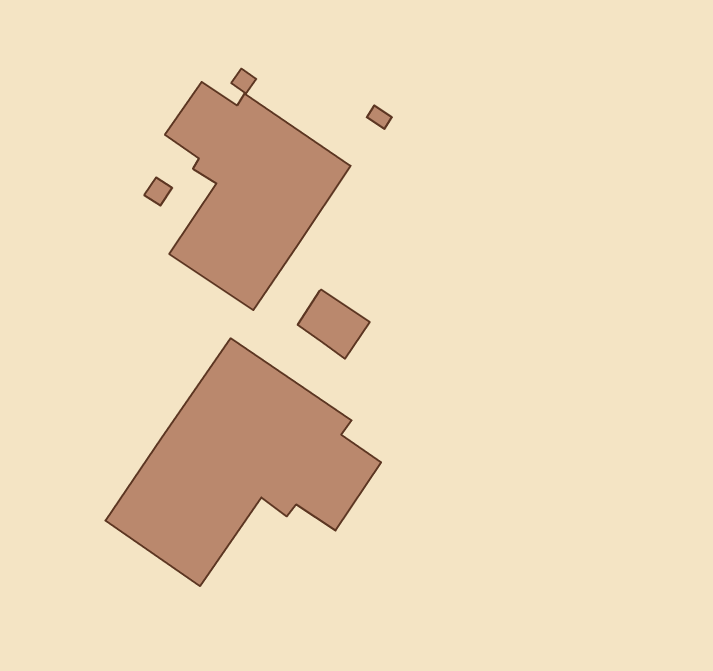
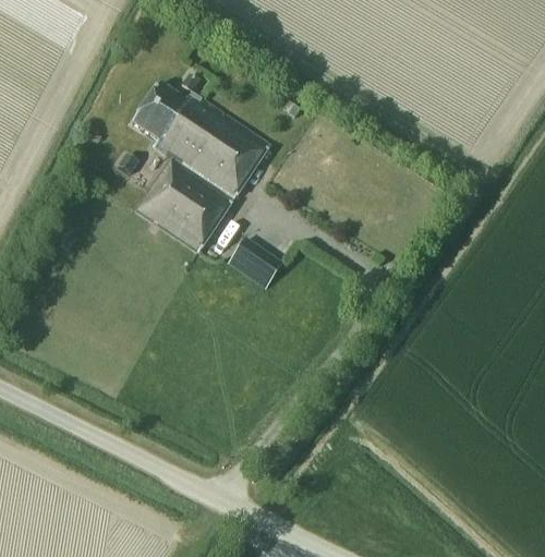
building: [105,338,381,586] -> none

